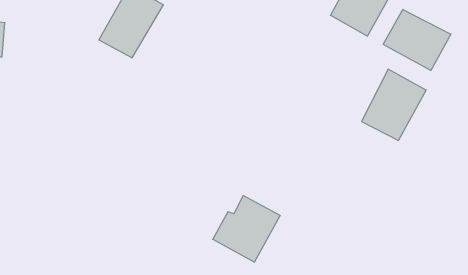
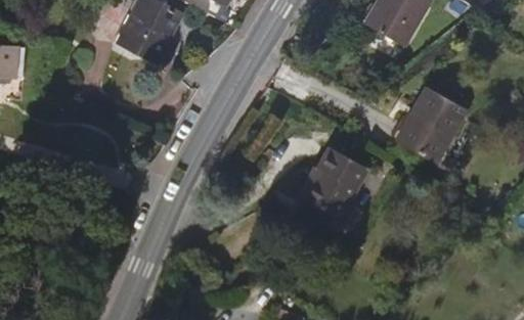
building: [383,9,451,70] -> none
building: [213,196,280,262] -> [296,146,368,218]

